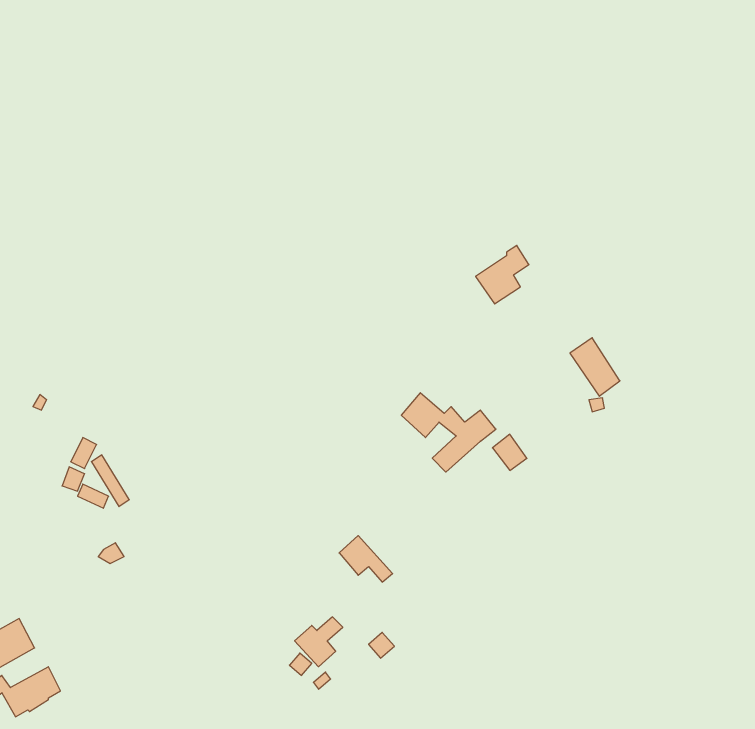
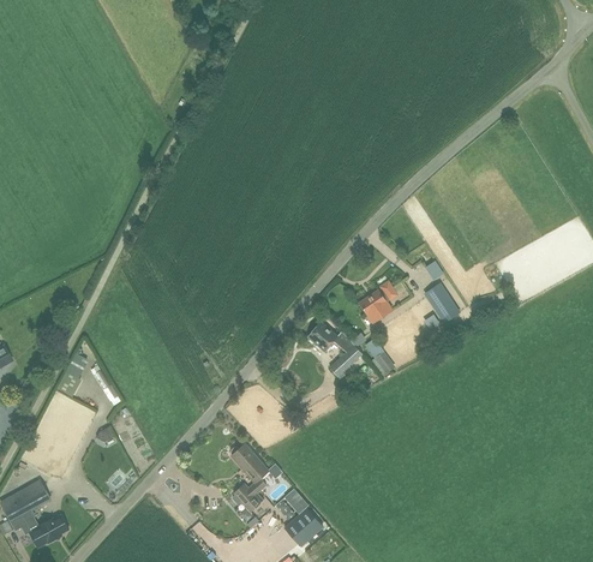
building: [476,245,529,304] -> [360,281,397,322]
building: [339,536,393,582] -> [232,443,269,476]
building: none -> [284,507,323,545]

